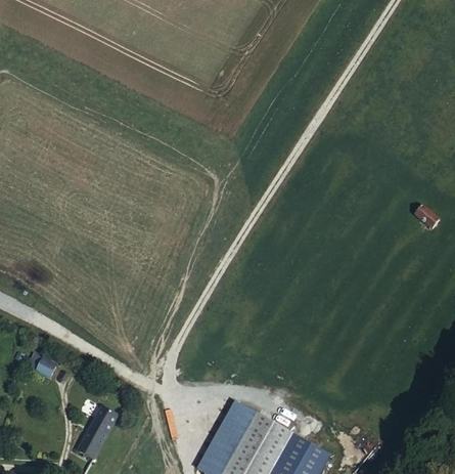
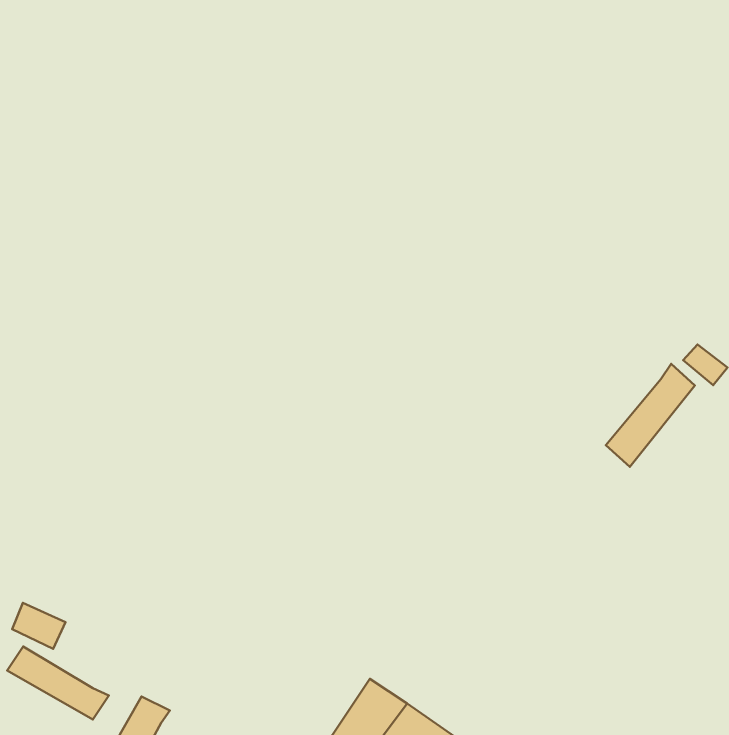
building: none -> [606,364,695,467]
building: none -> [7,647,109,719]

